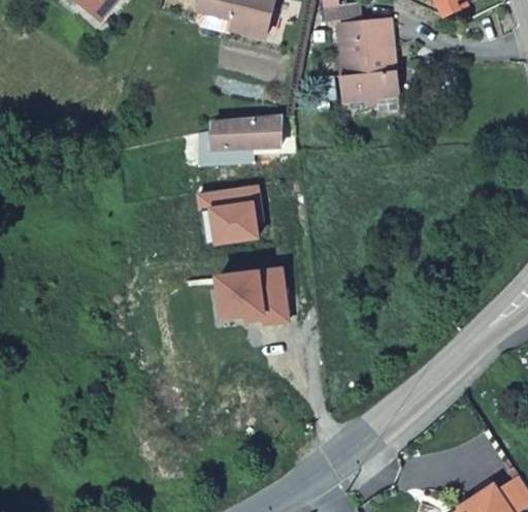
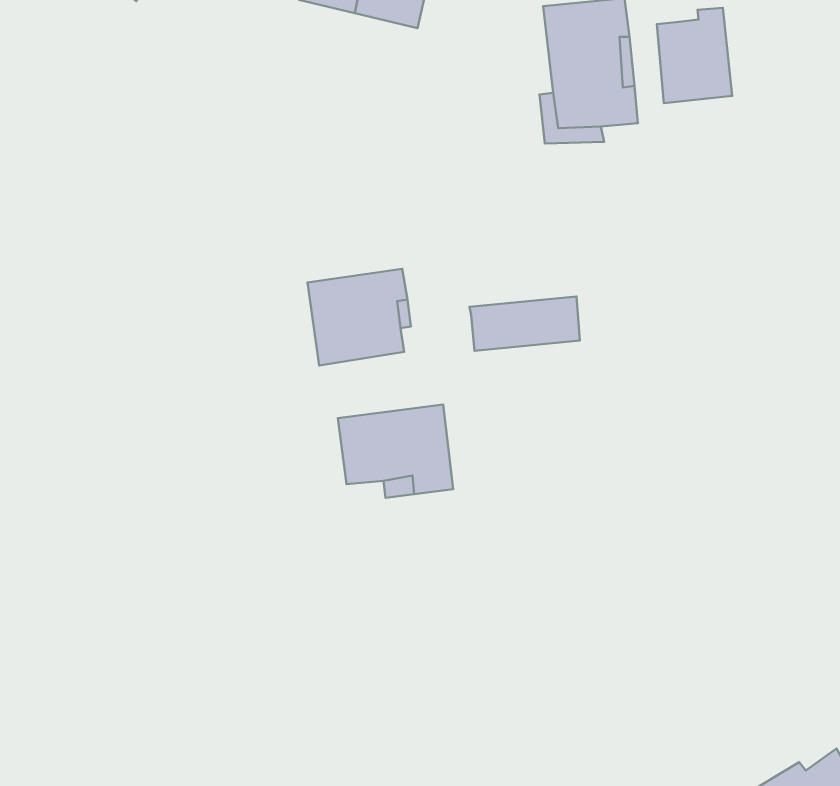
building: none -> [657,8,732,103]
building: [211,118,278,151] -> [470,297,580,351]

